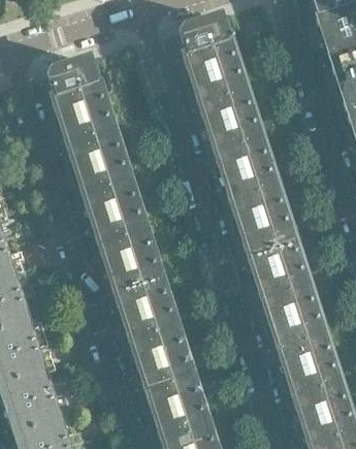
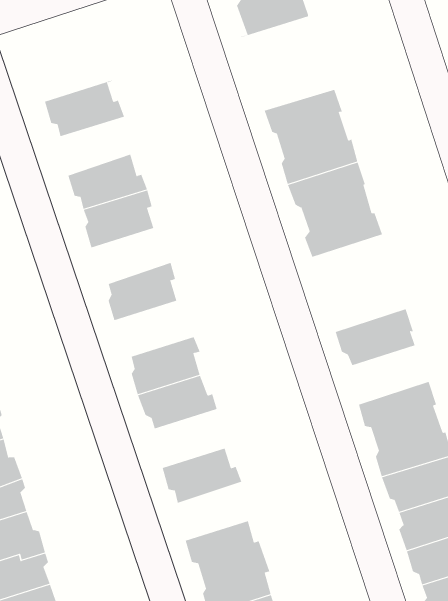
building: [185,38,248,102] -> none
building: [51,56,99,96] -> none
building: [64,106,111,146] -> none
building: [85,181,138,218] -> none
building: [232,185,295,250] -> none
building: [100,229,154,266] -> none
building: [259,259,311,298] -> none
building: [127,301,174,341] -> none
building: [142,350,190,389] -> none

